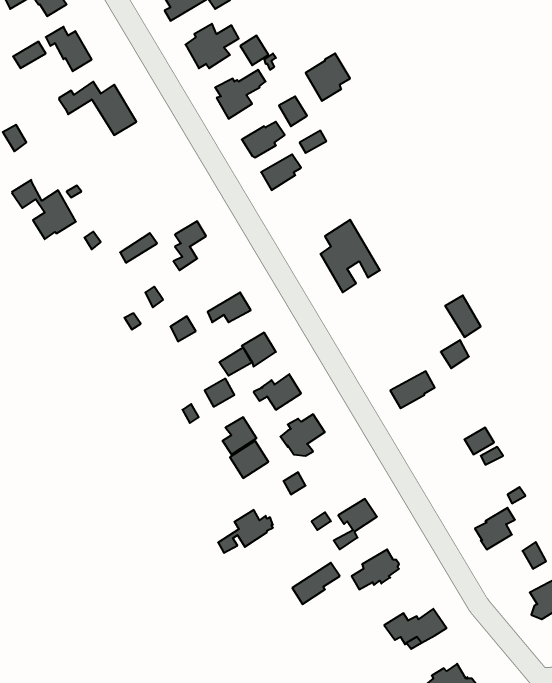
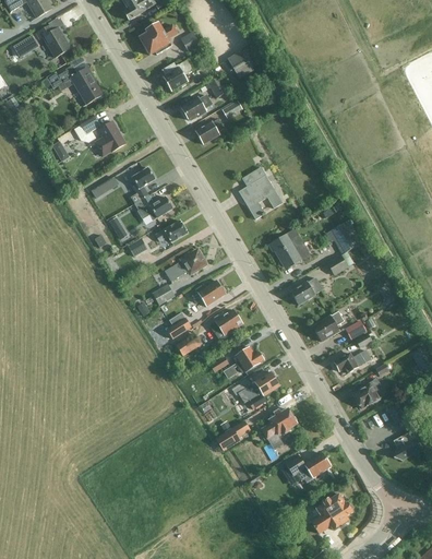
building: [12,180,76,239] -> [80,112,127,156]
building: none -> [135,194,173,219]
building: none -> [268,228,303,267]
building: none -> [312,310,345,341]
building: none -> [334,348,371,372]
building: [218,510,273,553] -> [224,346,264,378]

